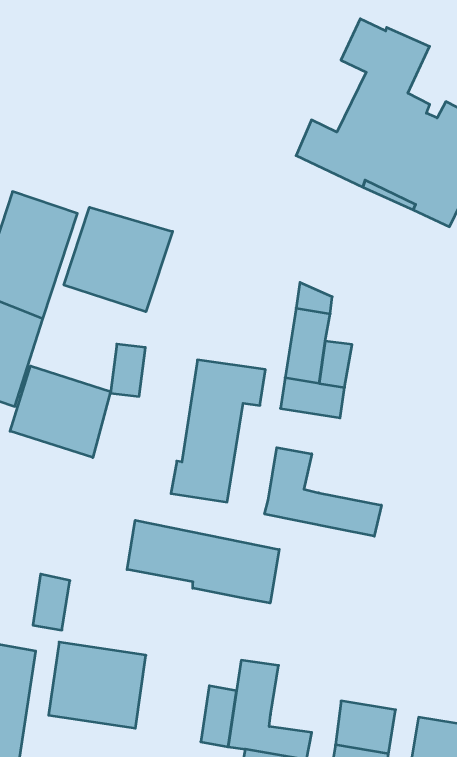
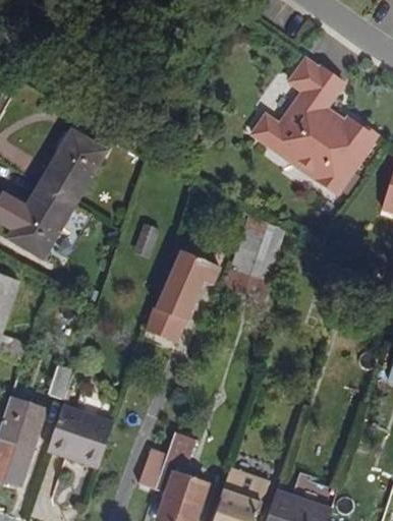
building: [64,207,173,312] -> none
building: [10,366,111,458] -> none
building: [265,448,381,536] -> none
building: [127,520,279,603] -> none

